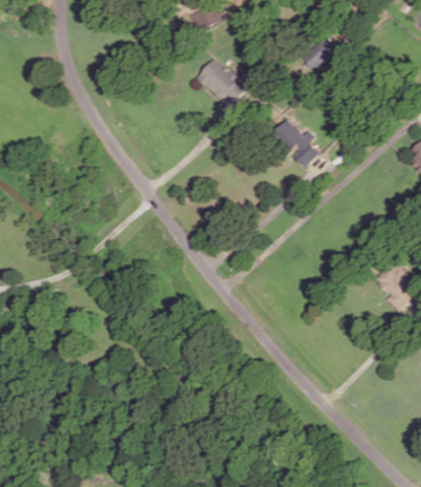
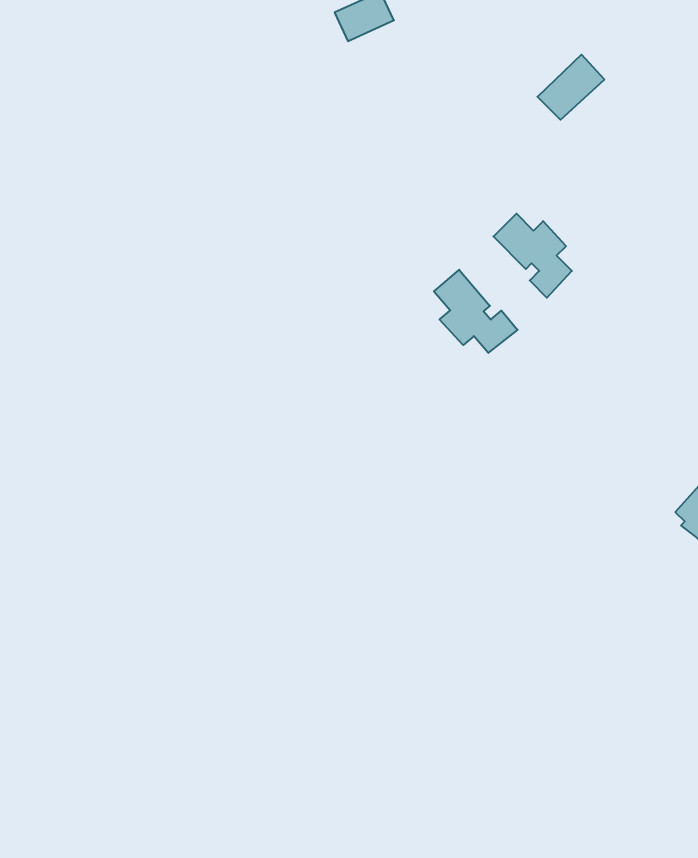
building: [195,60,246,102] -> none
building: none -> [434,270,518,353]

